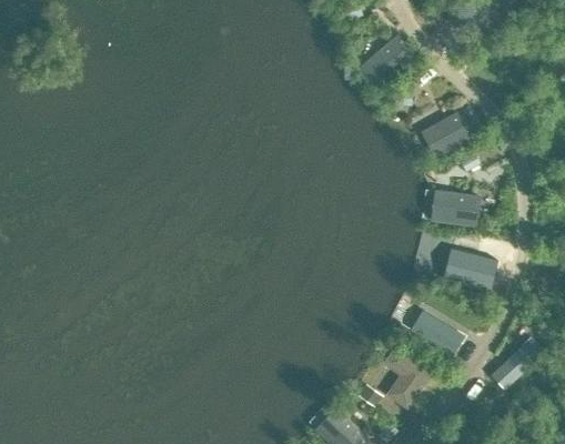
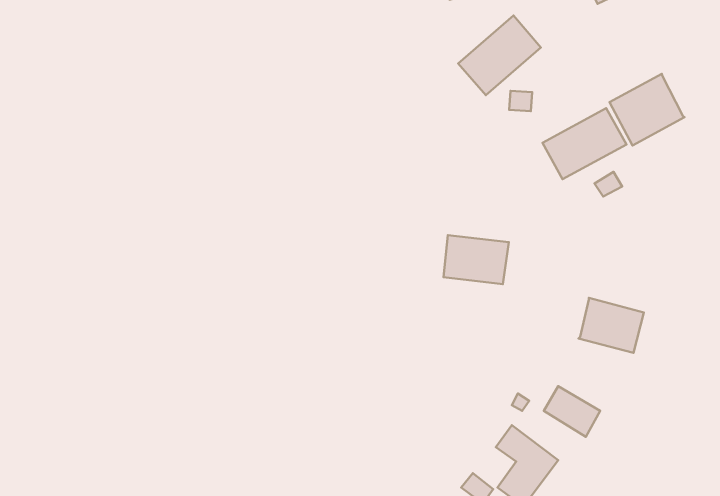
building: none -> [610,74,685,145]
building: [430,189,480,226] -> [444,235,509,284]
building: [491,337,542,389] -> none

